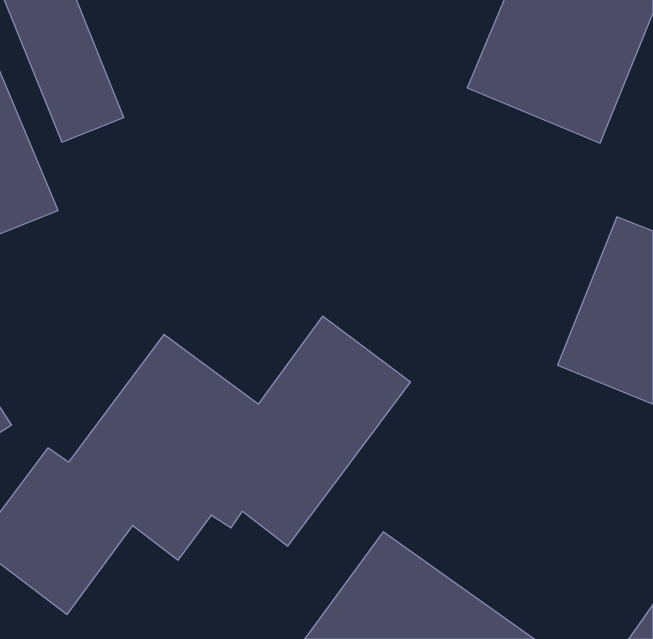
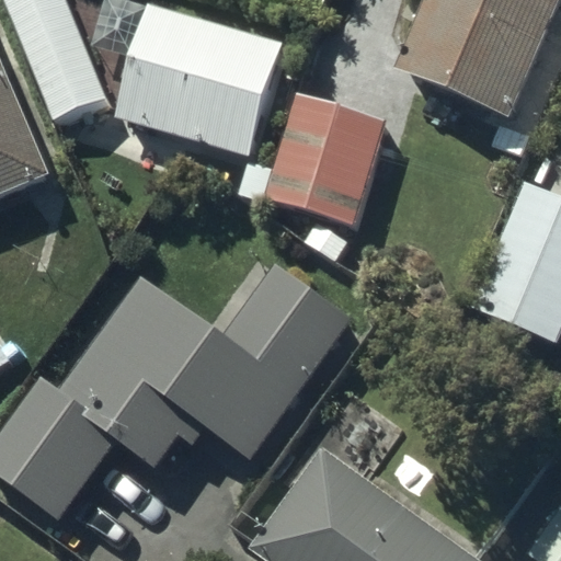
building: none -> [116,8,284,158]
building: none -> [265,95,385,225]

